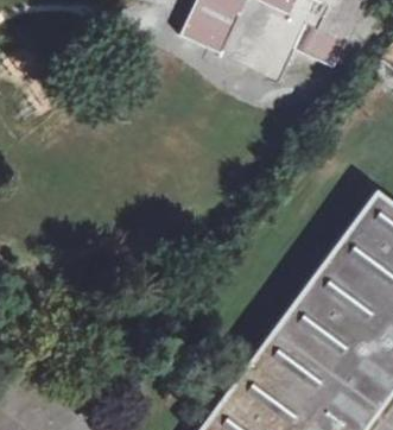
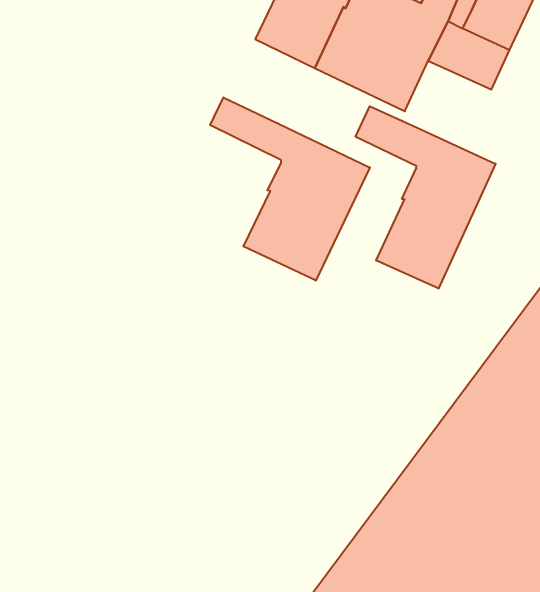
building: none -> [210,97,370,281]
building: none -> [356,106,496,289]

